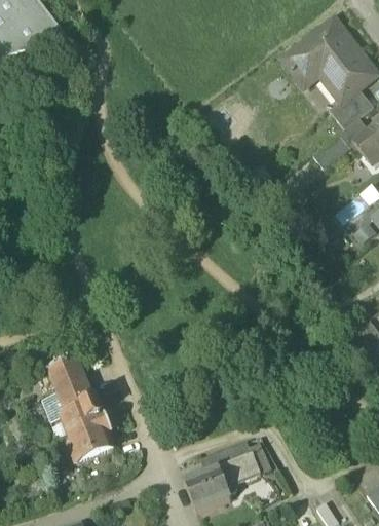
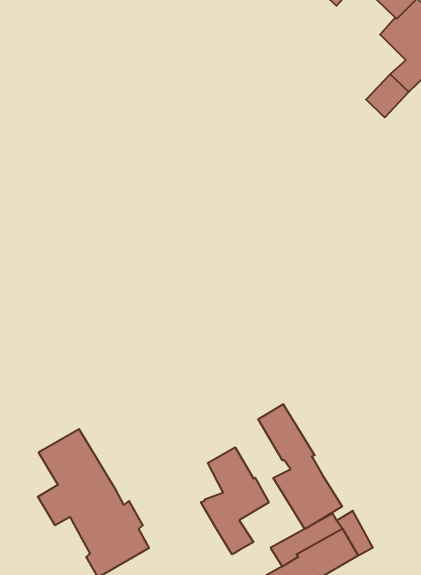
building: none -> [258,404,342,529]
building: none -> [201,447,269,554]

